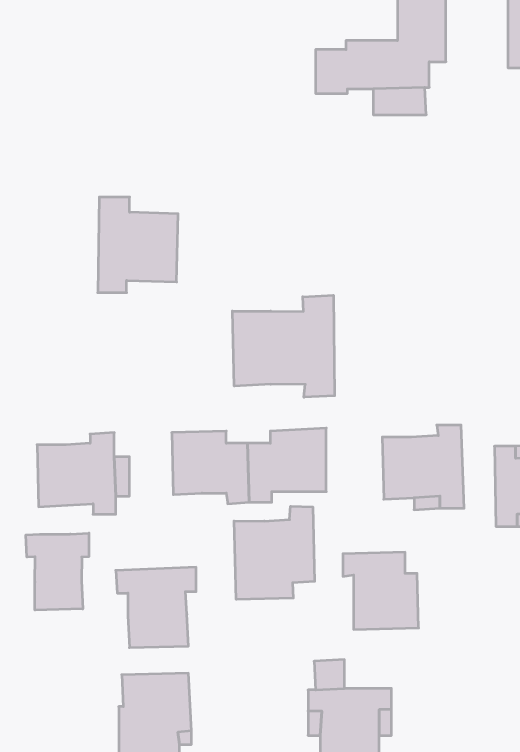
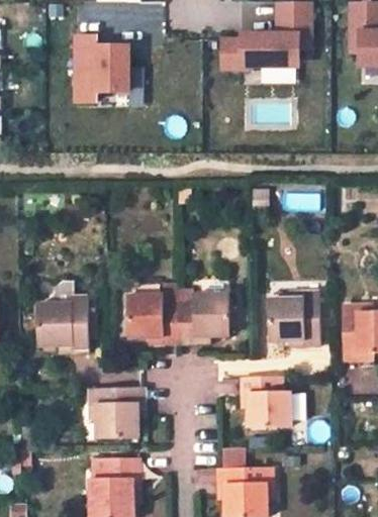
building: [98,197,178,293] -> [74,35,127,99]
building: [232,295,335,397] -> none
building: [234,506,315,599] -> none
building: [26,533,89,610] -> none

